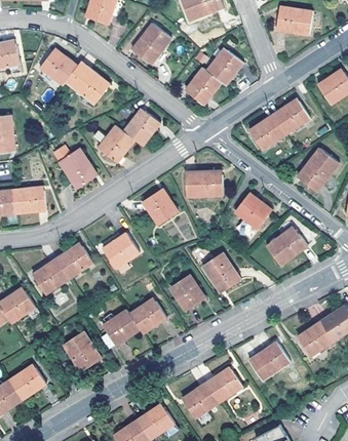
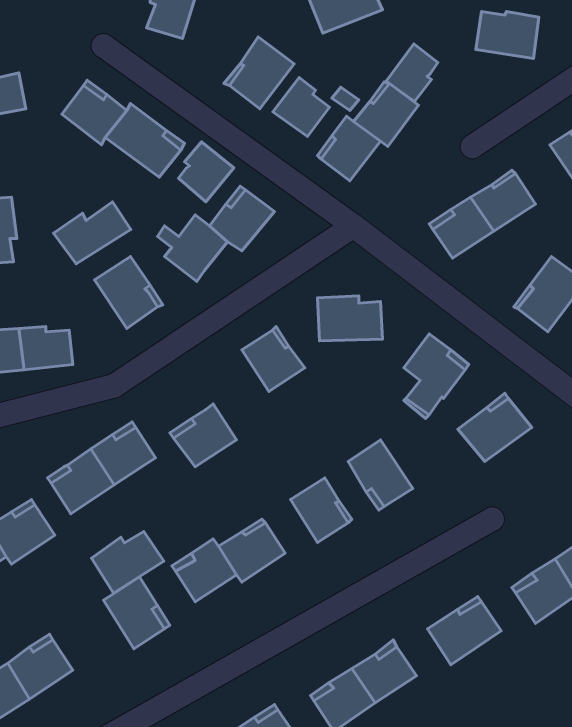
building: none -> [386,44,438,102]
building: none -> [273,77,329,137]
building: none -> [179,142,234,202]
building: none -> [53,202,131,264]
building: none -> [91,531,164,593]

